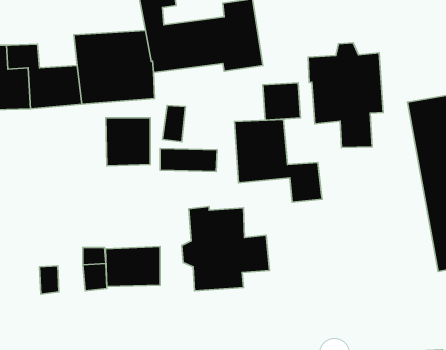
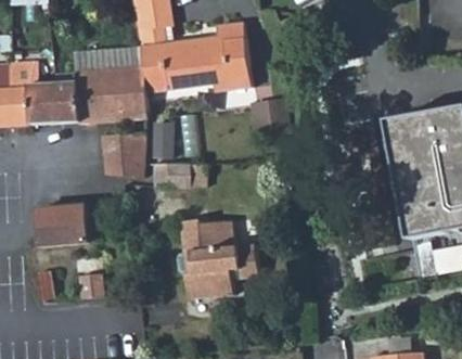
building: [308,43,383,148] -> none
building: [234,120,322,202] -> none
building: [106,247,160,286] -> [37,207,89,245]

